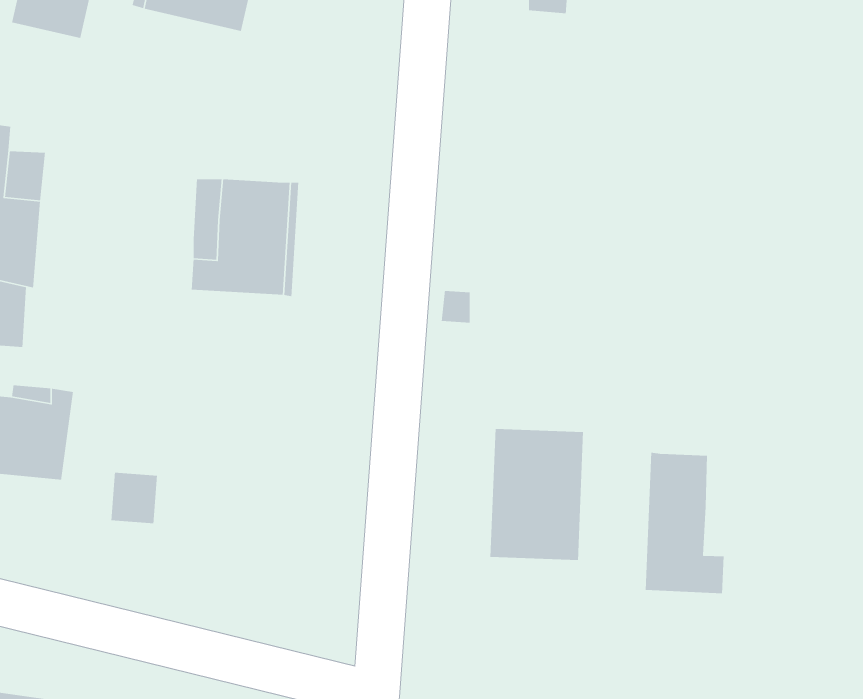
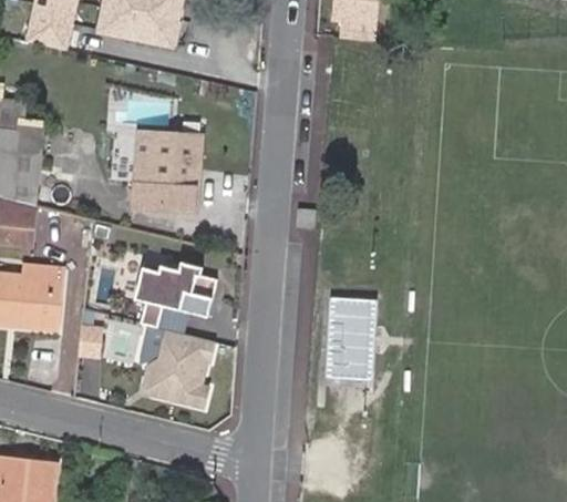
building: none -> [136,254,226,411]
building: [645,452,725,594] -> none

